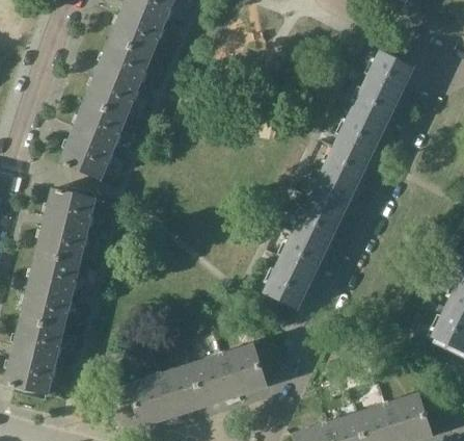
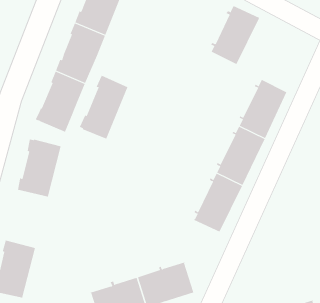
building: [350,51,414,128] -> [210,5,260,65]
building: none -> [79,75,128,139]
building: [21,254,77,329] -> none

